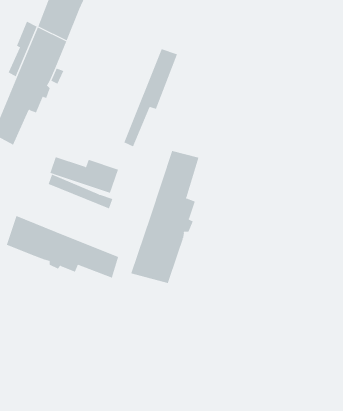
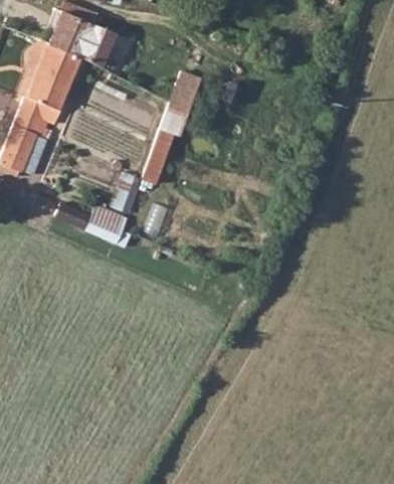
building: none -> [80,27,115,70]
building: [131,150,199,284] -> none
building: [6,215,119,278] -> none

